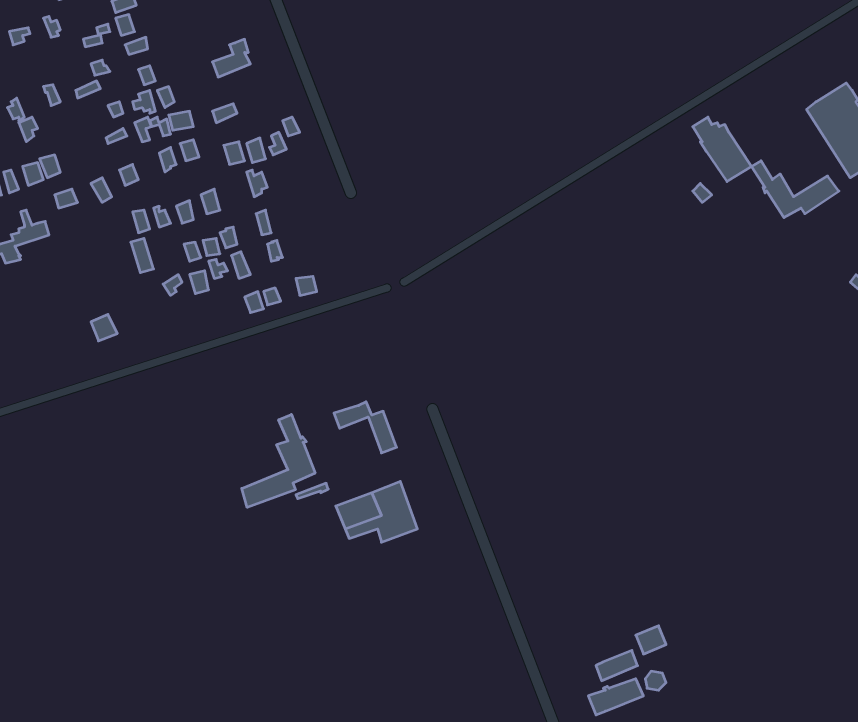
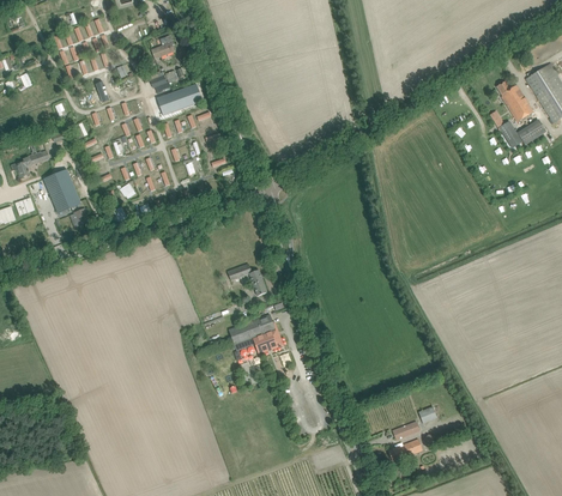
building: [693,117,752,182] -> [496,80,533,121]
building: none -> [44,169,81,213]
building: [242,414,315,507] -> none

